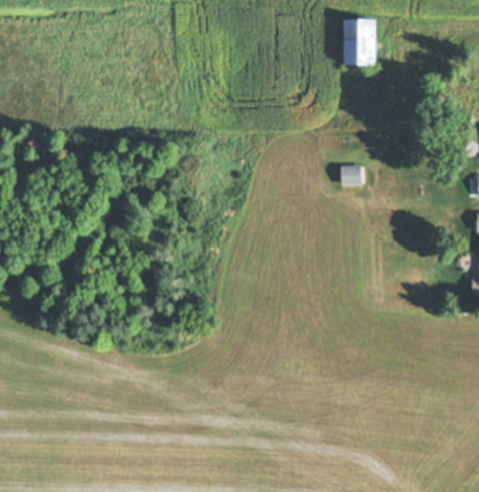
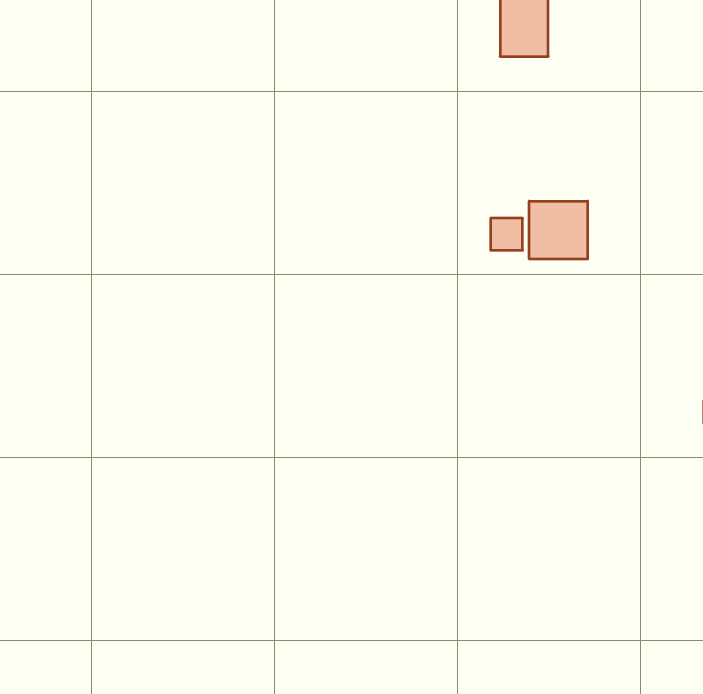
building: none -> [529,201,588,259]

